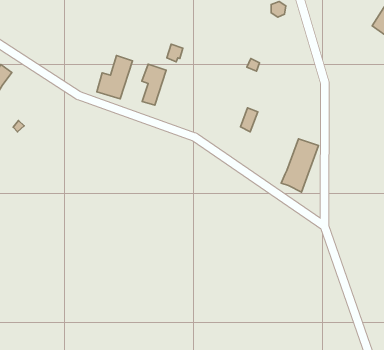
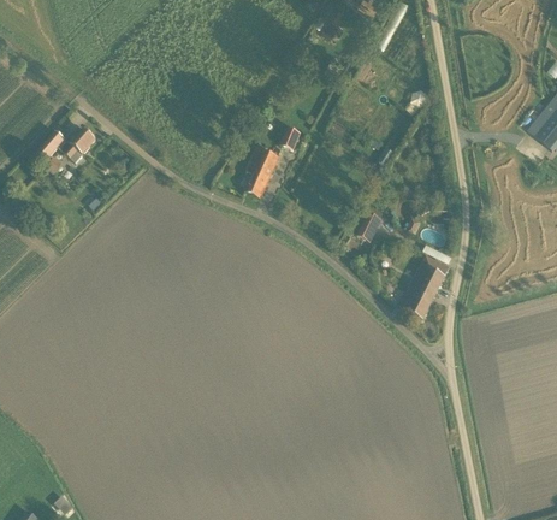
building: [97,55,132,99] -> none

